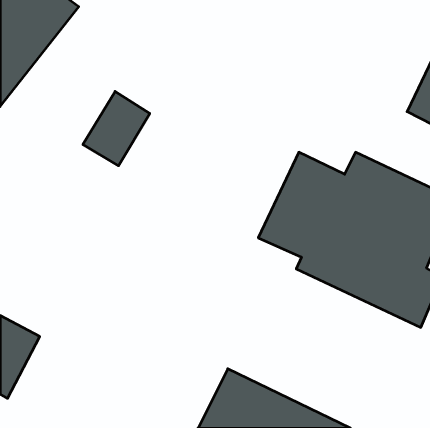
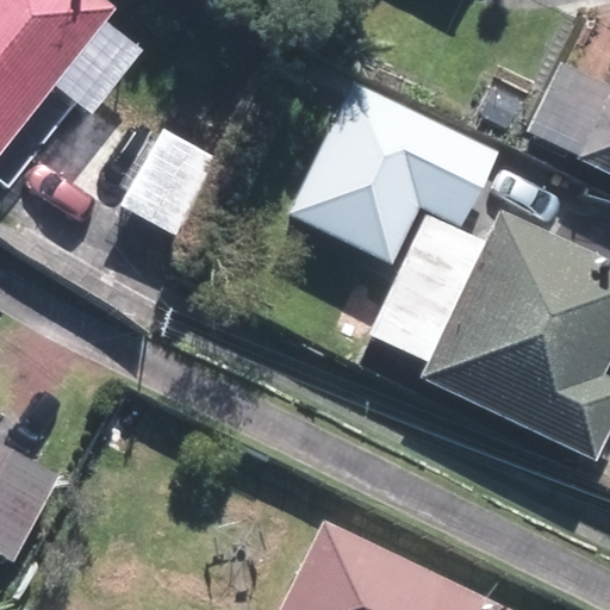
building: none -> [273,54,441,257]

